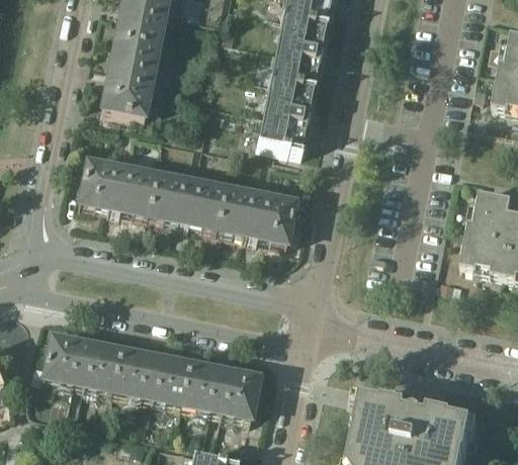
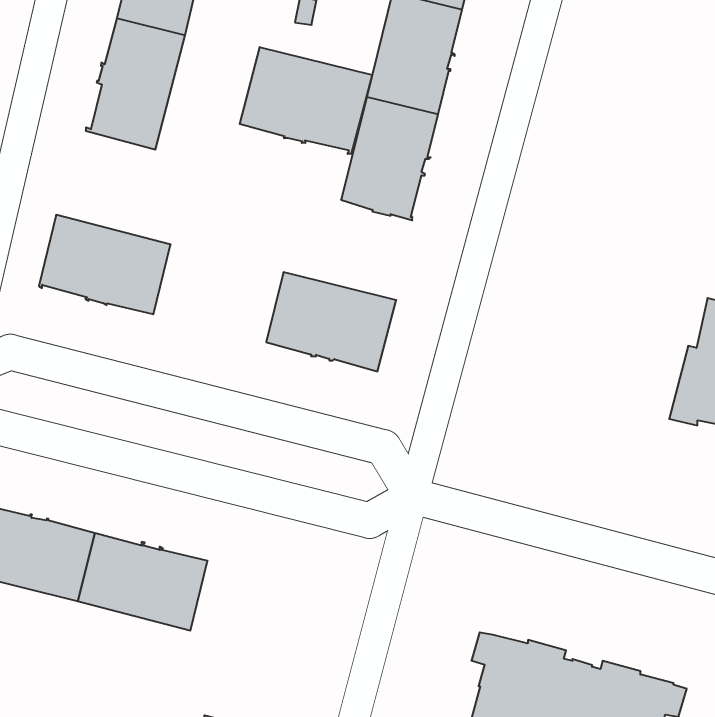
building: none -> [240,47,372,154]
building: [150,172,227,227] -> none
building: [182,361,260,416] -> none

